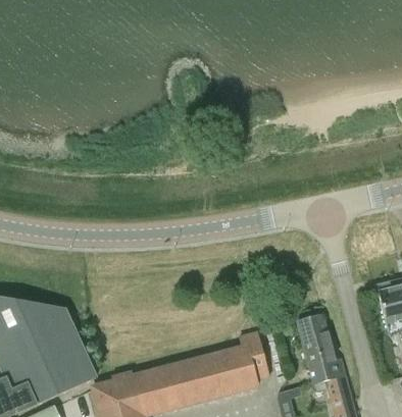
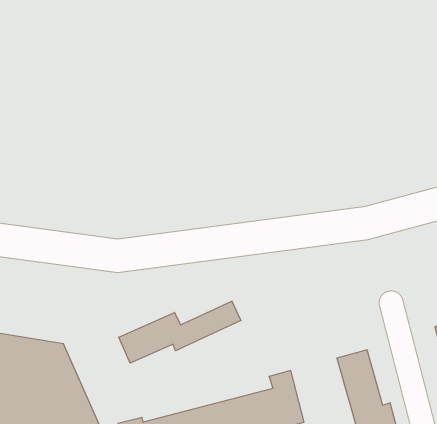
building: none -> [119,301,241,363]

